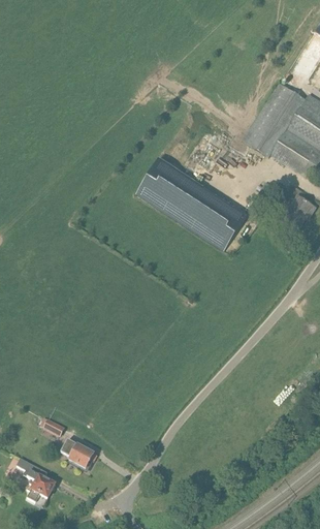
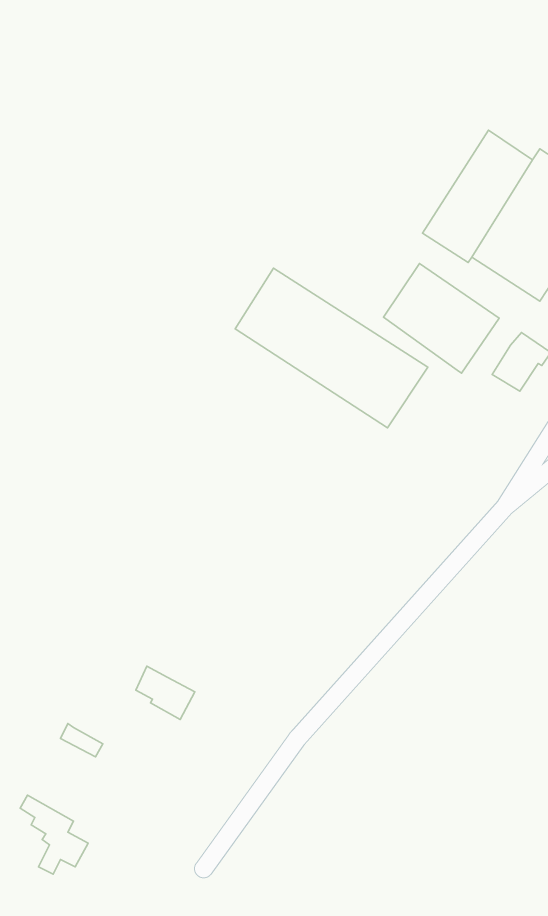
building: none -> [383,263,499,373]
building: [60,438,93,468] -> [136,666,195,720]

